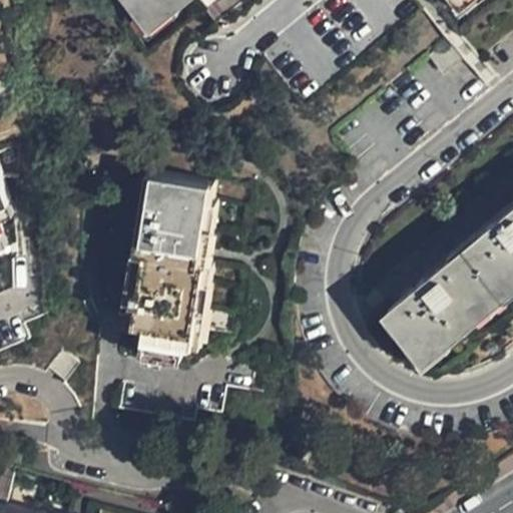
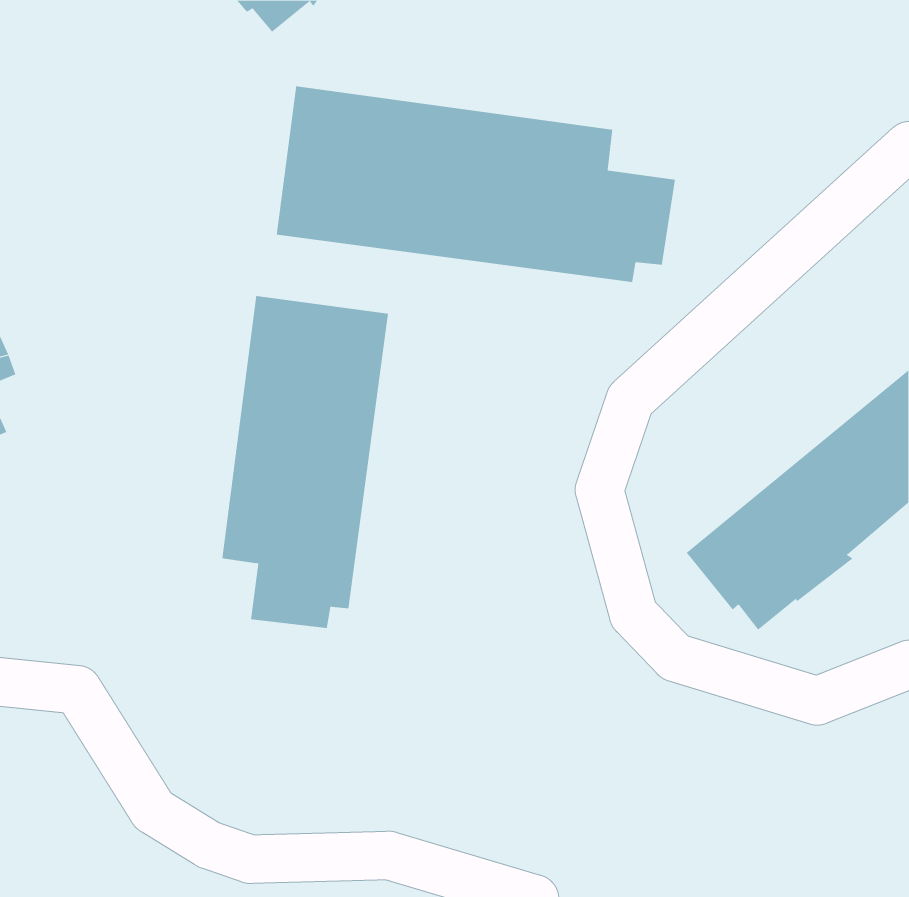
building: none -> [276,86,675,283]

